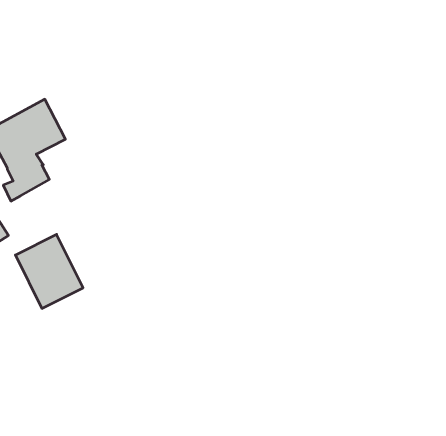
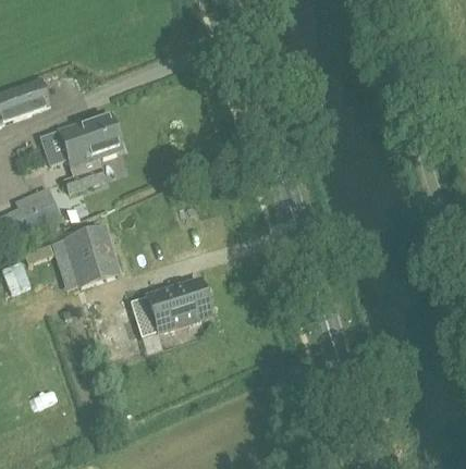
building: none -> [130,279,210,336]

